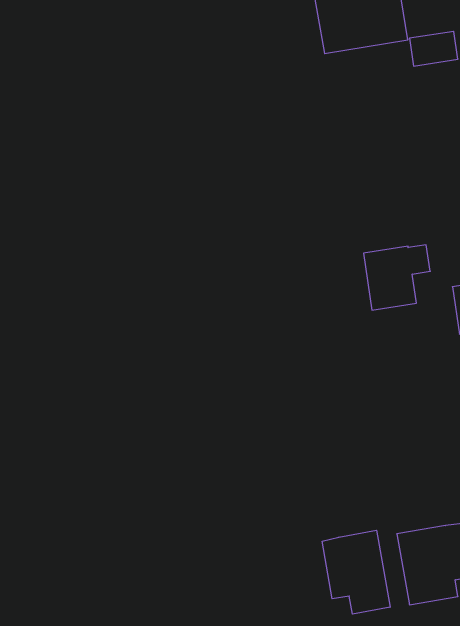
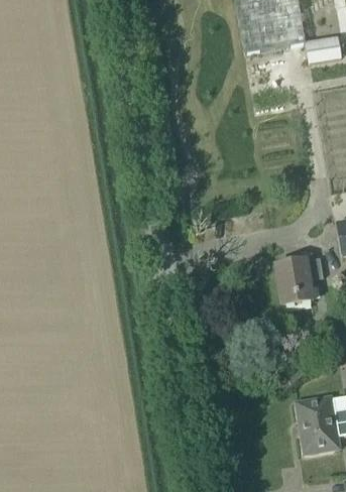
building: [364,245,430,310] -> [274,257,323,304]
building: [322,530,390,614] -> none

